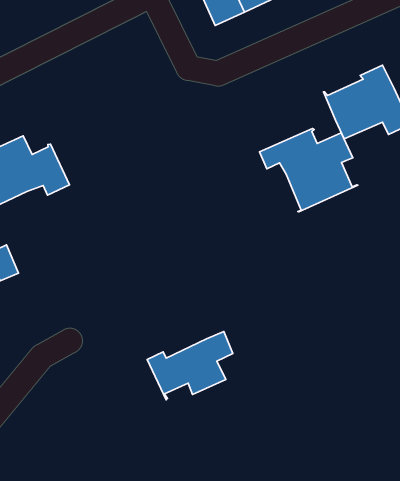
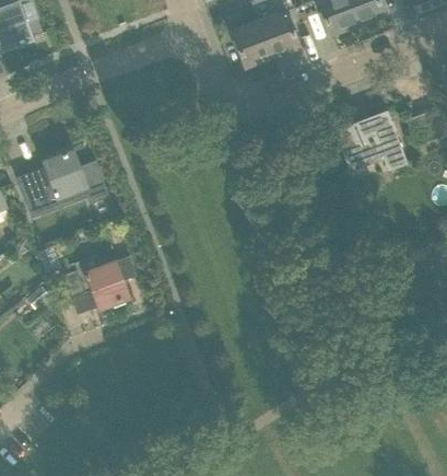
building: [259,128,358,212] -> none
building: [147,331,233,400] -> [62,254,137,310]

